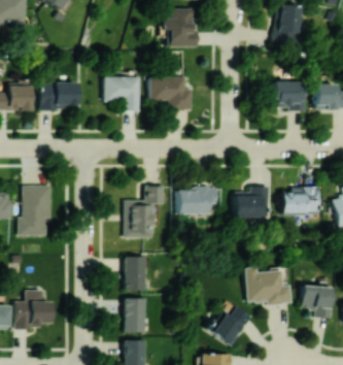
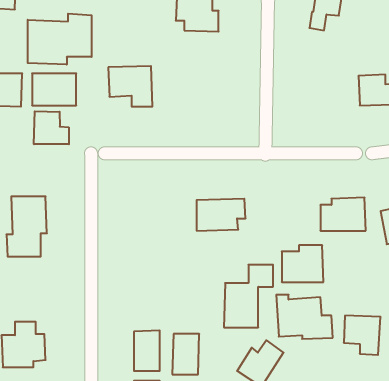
building: none -> [28,14,92,65]
building: [149,76,193,110] -> none
building: [272,81,305,111] -> none
building: none -> [34,111,69,144]
building: [125,186,166,238] -> [224,265,273,327]
building: [236,187,271,218] -> [282,245,323,282]
building: [125,257,147,291] -> [172,334,199,374]

